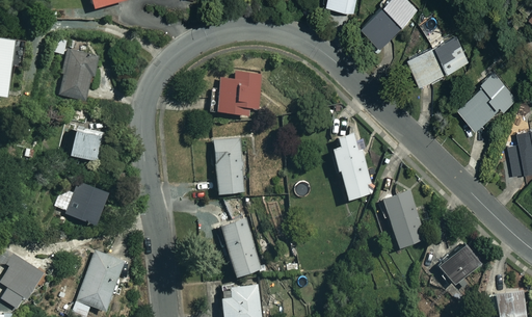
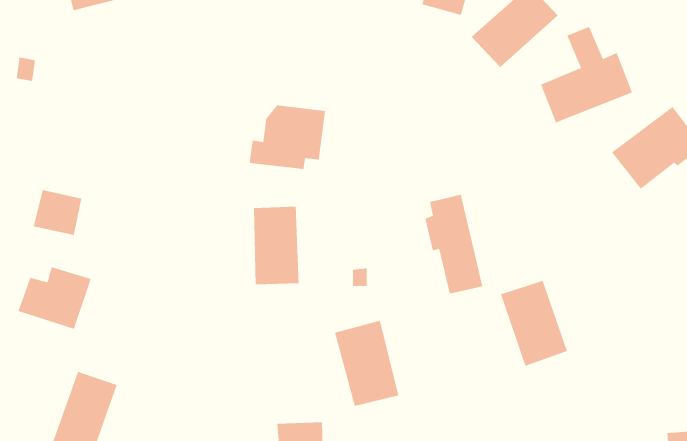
building: [60,51,96,102] -> none
building: [219,217,263,275] -> [334,320,399,406]
building: [435,243,477,285] -> none

